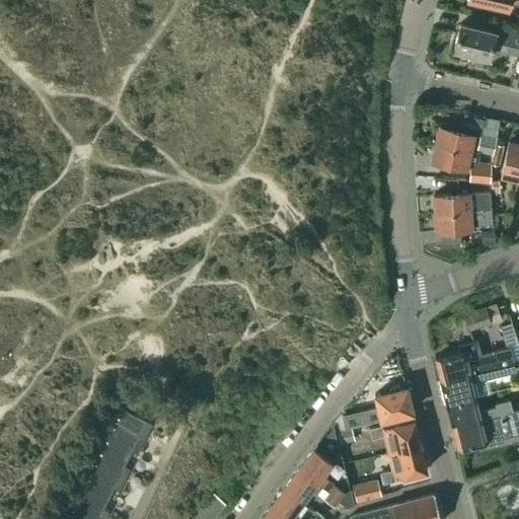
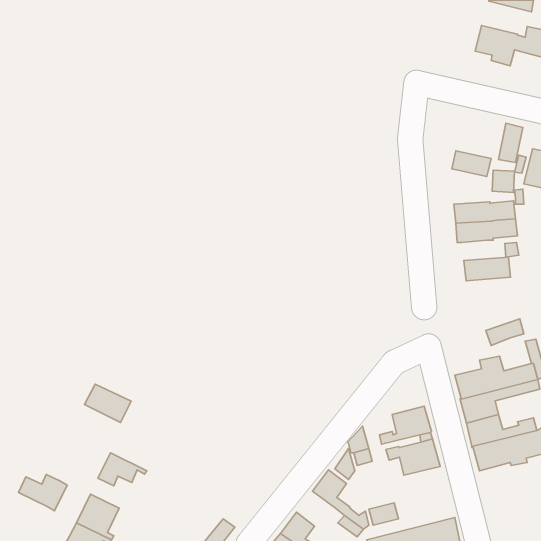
building: [437,128,474,153] -> none
building: none -> [464,257,511,281]
building: [107,415,152,451] -> [85,384,131,423]
building: [381,447,428,485] -> none
building: [88,456,135,491] -> [18,475,67,511]
building: [285,470,323,504] -> none

